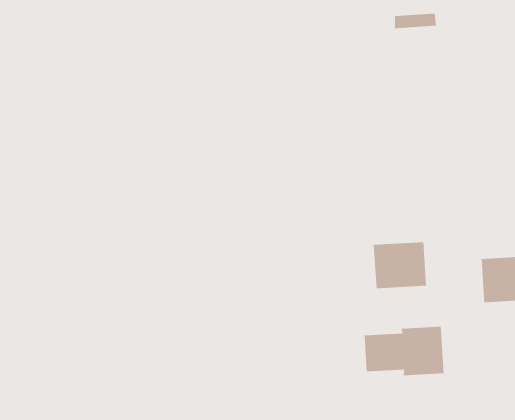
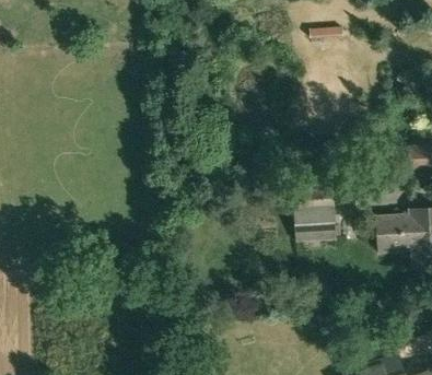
building: [364,326,444,376] -> none

